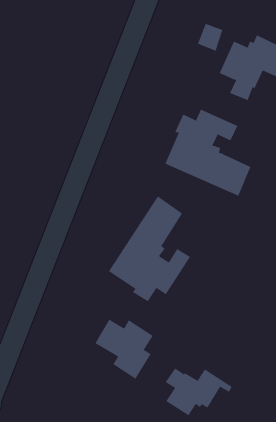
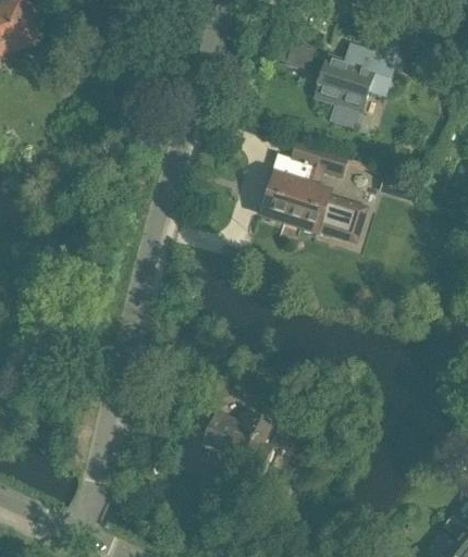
building: [108,196,191,302] -> none
building: [165,367,232,416] -> none

